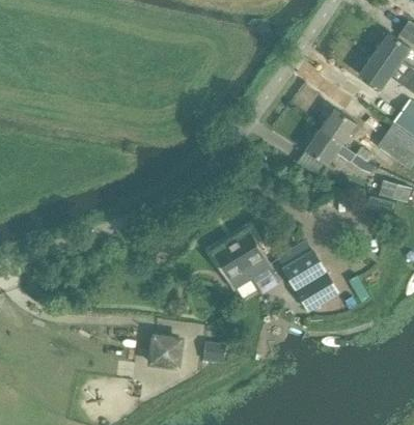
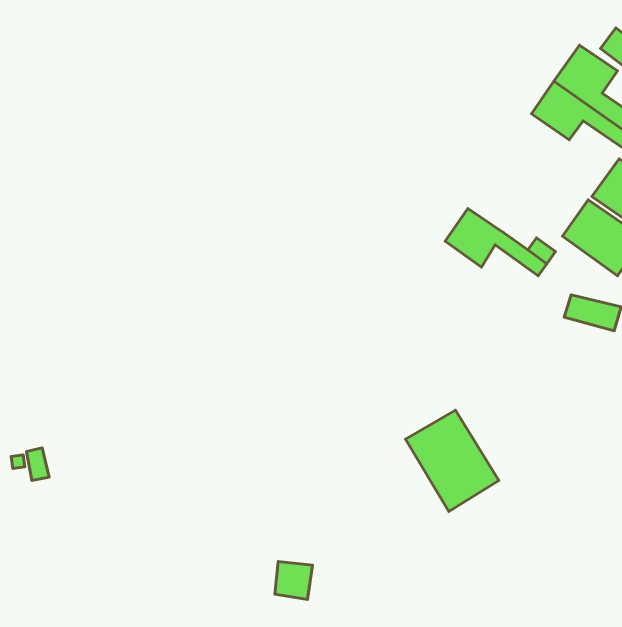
building: [320,107,356,143] -> none
building: [212,231,273,300] -> none
building: [143,333,181,371] -> none

